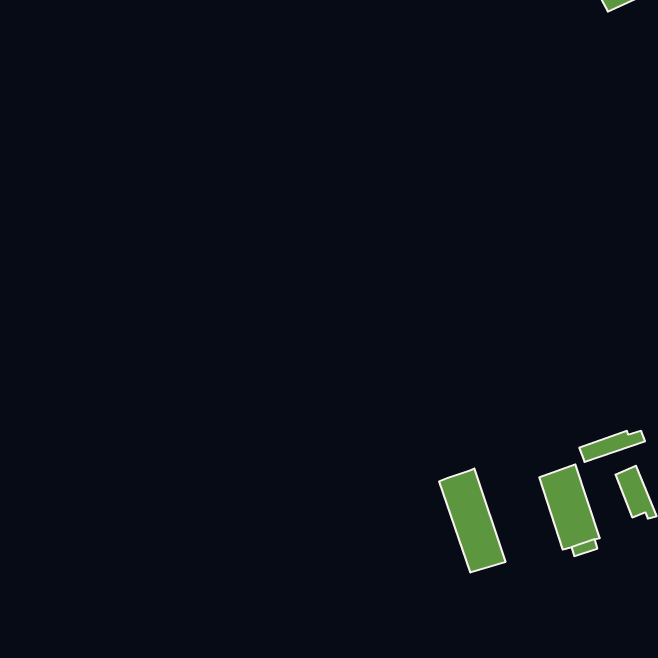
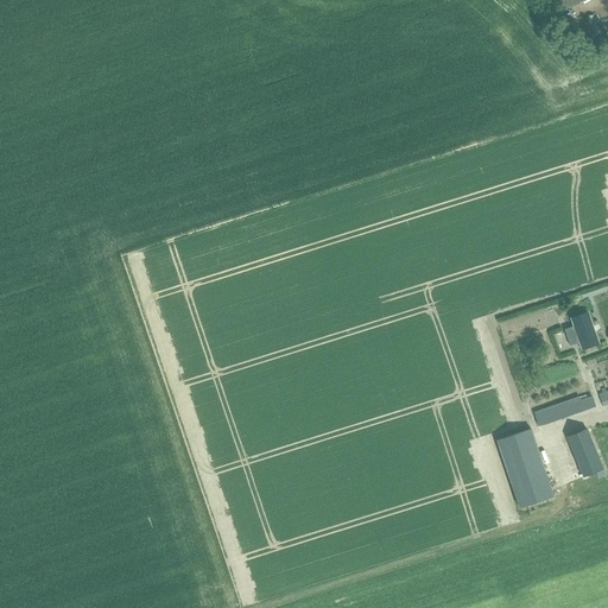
building: none -> [564,312,597,349]
building: [439,468,505,573] -> none

